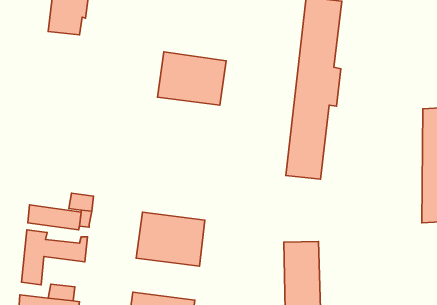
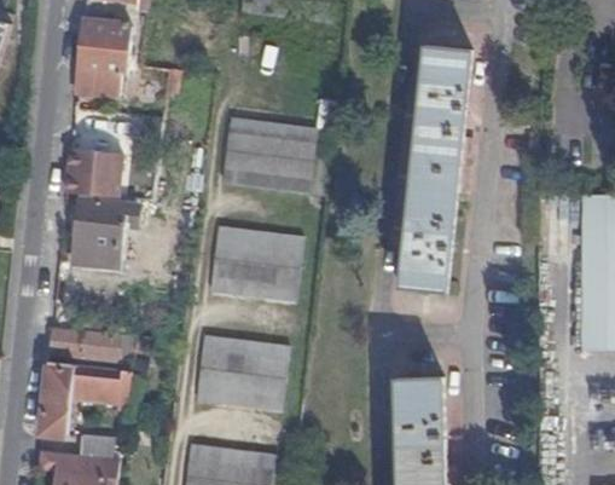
building: none -> [64,145,123,196]
building: none -> [64,197,137,265]
building: none -> [209,225,303,301]

